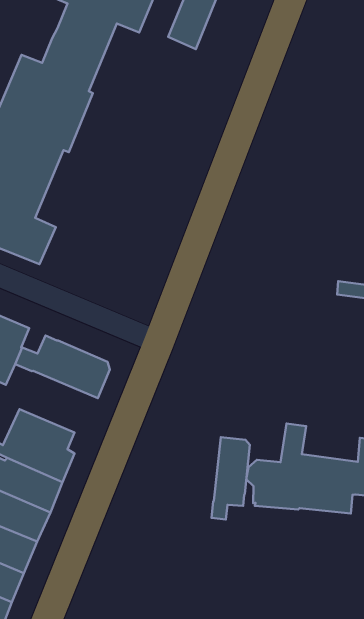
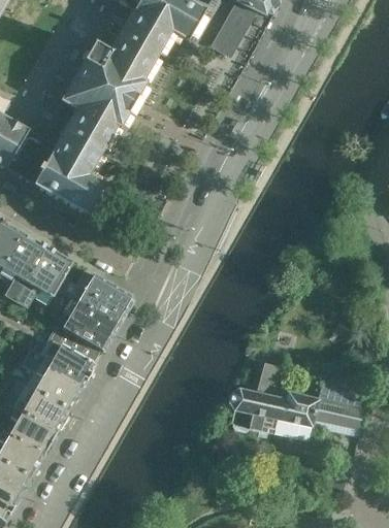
building: none -> [62,296,120,352]
building: [212,437,250,519] -> none

